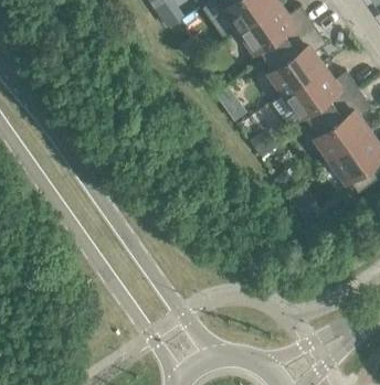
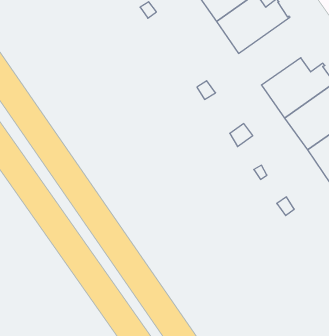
building: [258,24,324,93] -> none

